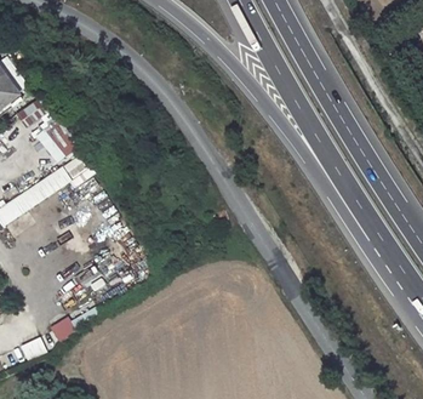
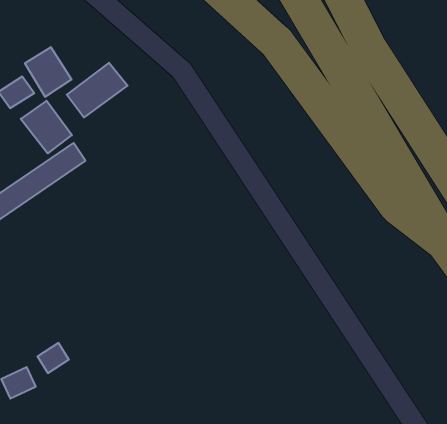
building: none -> [25,47,71,97]
building: none -> [67,63,128,117]

